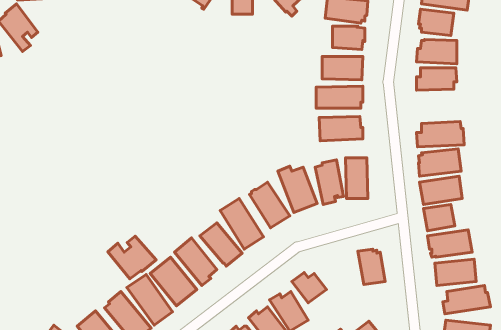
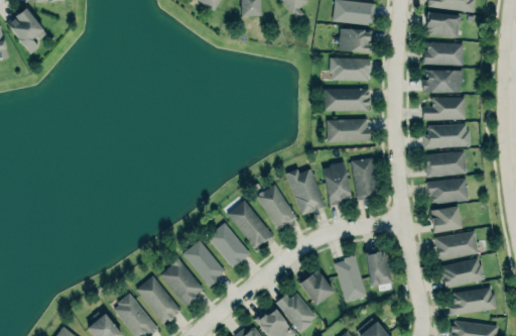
building: none -> [423,97,465,120]
building: [108,236,156,279] -> none
building: none -> [335,255,367,302]

